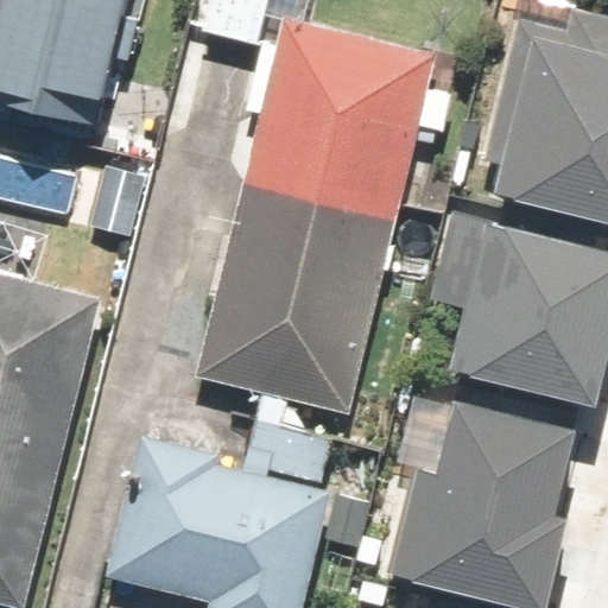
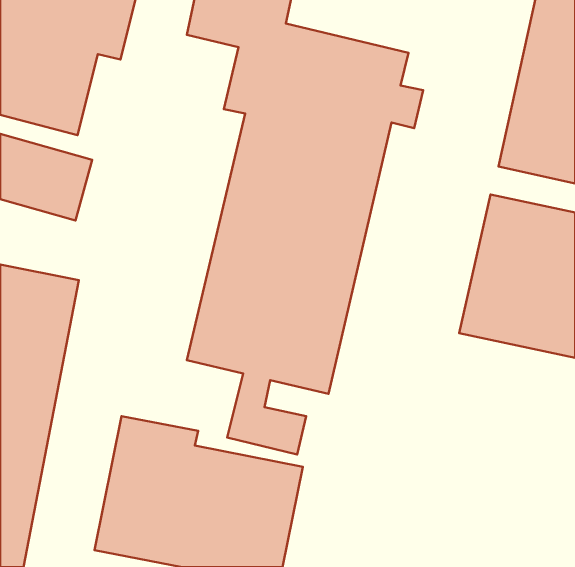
building: [426,379,587,590] -> none

